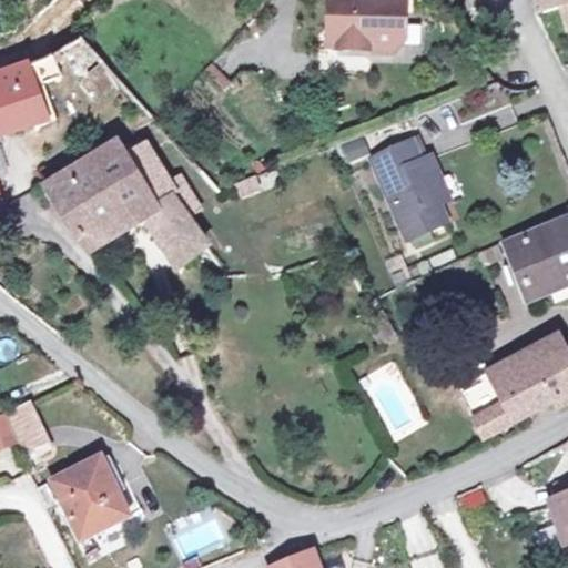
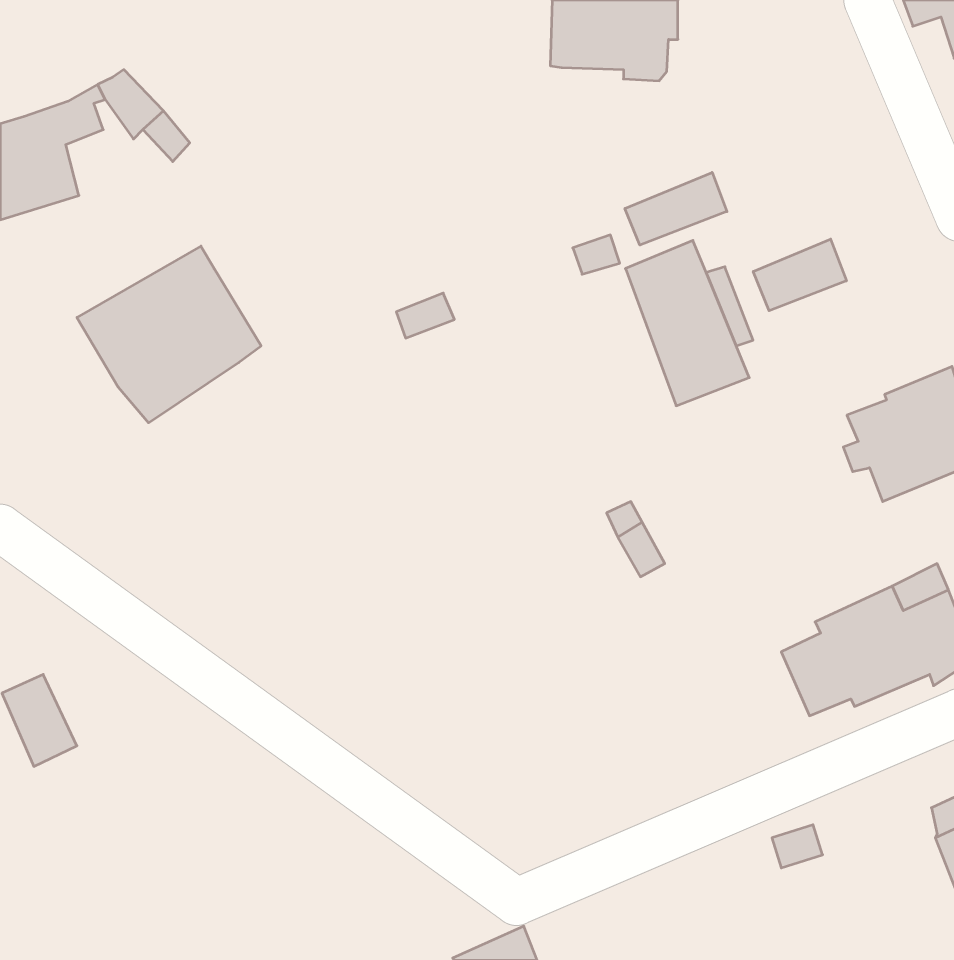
building: none -> [625,172,727,245]
building: none -> [753,239,846,311]
building: [130,149,204,263] -> none
building: [51,455,129,536] -> none

